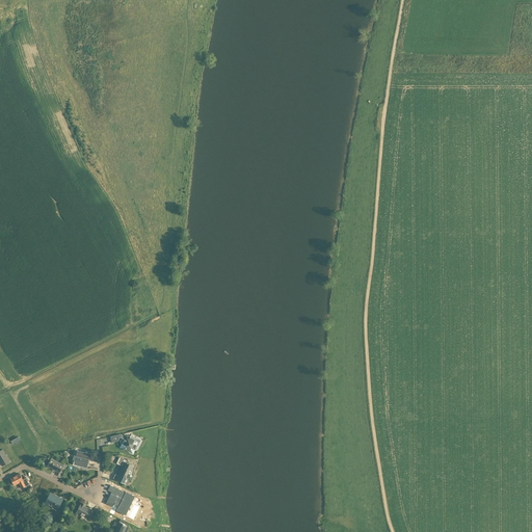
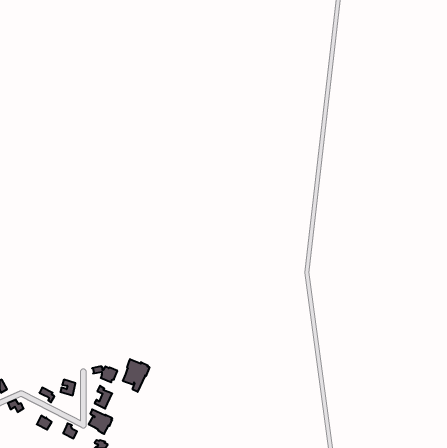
building: none -> [123,359,149,392]

